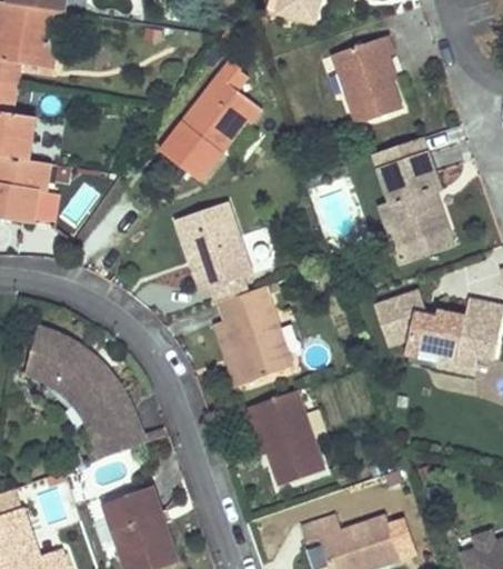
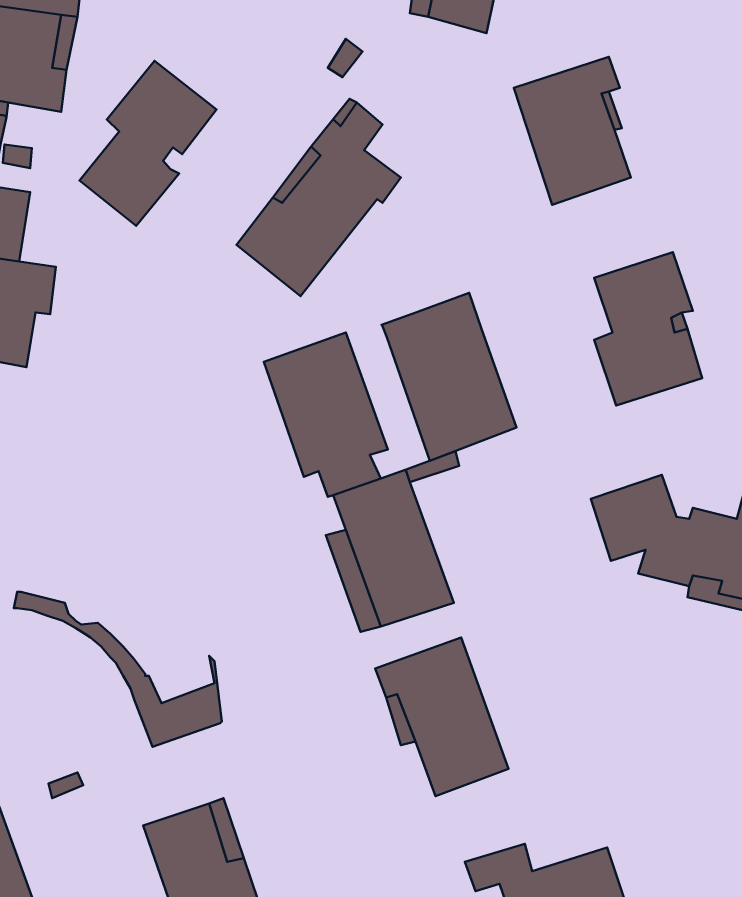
building: none -> [79,61,217,226]
building: none -> [381,293,516,461]
building: [27,321,147,429] -> none

